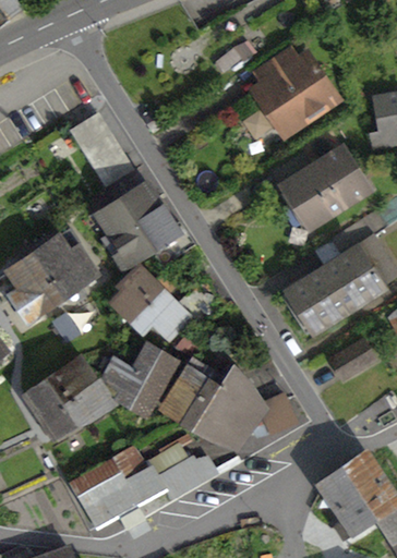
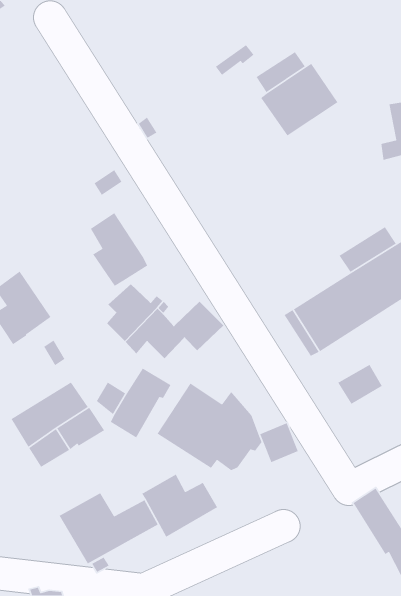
building: [70,116,119,172] -> none
building: [277,147,366,245] -> none
building: [121,184,194,267] -> none
building: [33,229,97,296] -> none
building: [321,470,374,539] -> none

